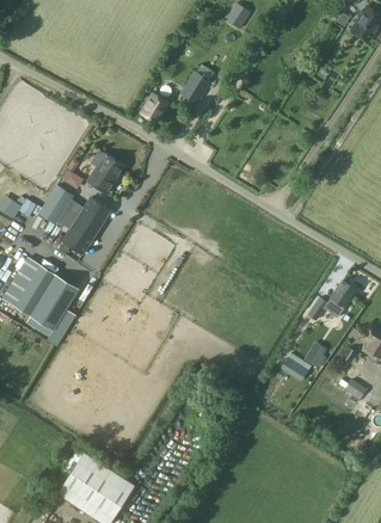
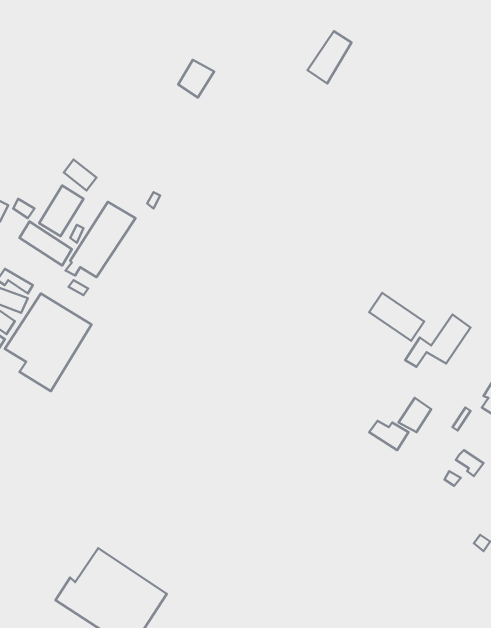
building: [183,64,215,103] -> [308,31,352,83]
building: [88,154,124,193] -> none
building: none -> [369,293,424,341]

